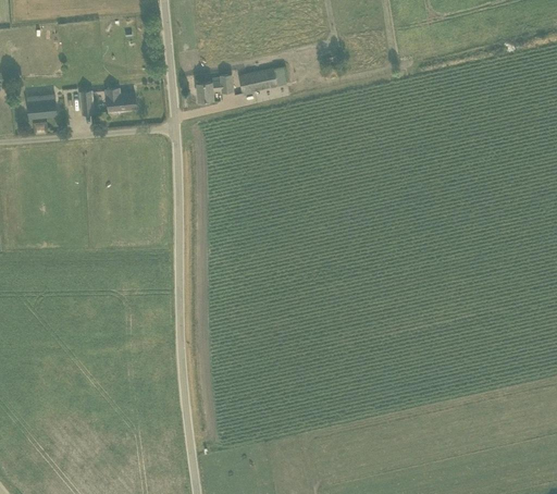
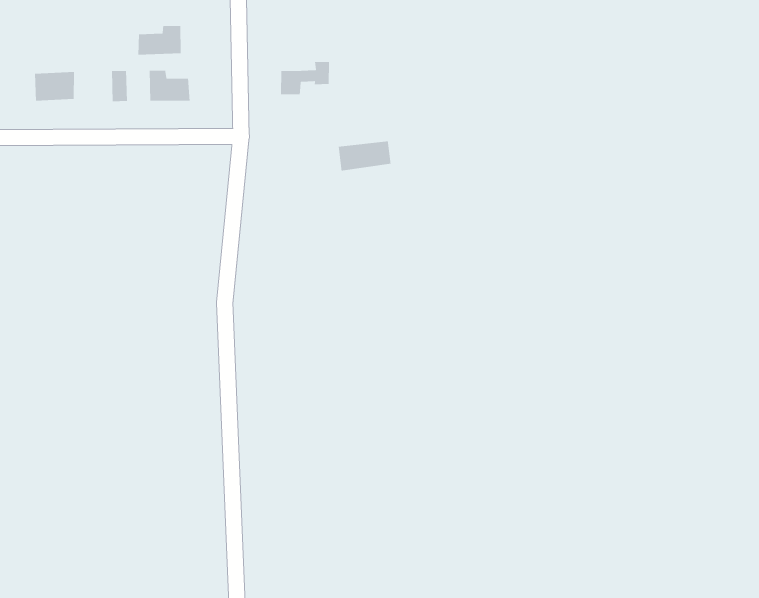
building: none -> [137,25,182,55]
building: [239,69,277,92] -> [338,140,391,172]

